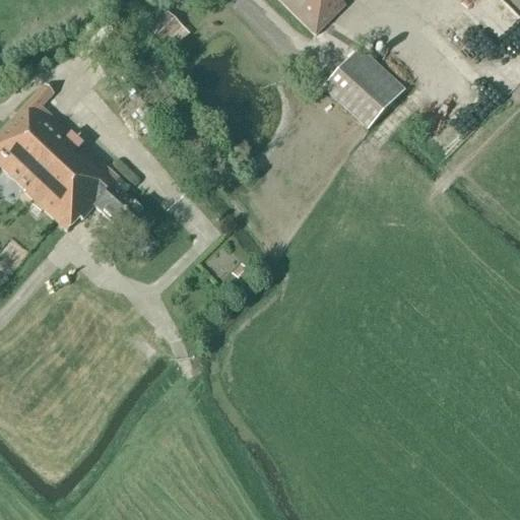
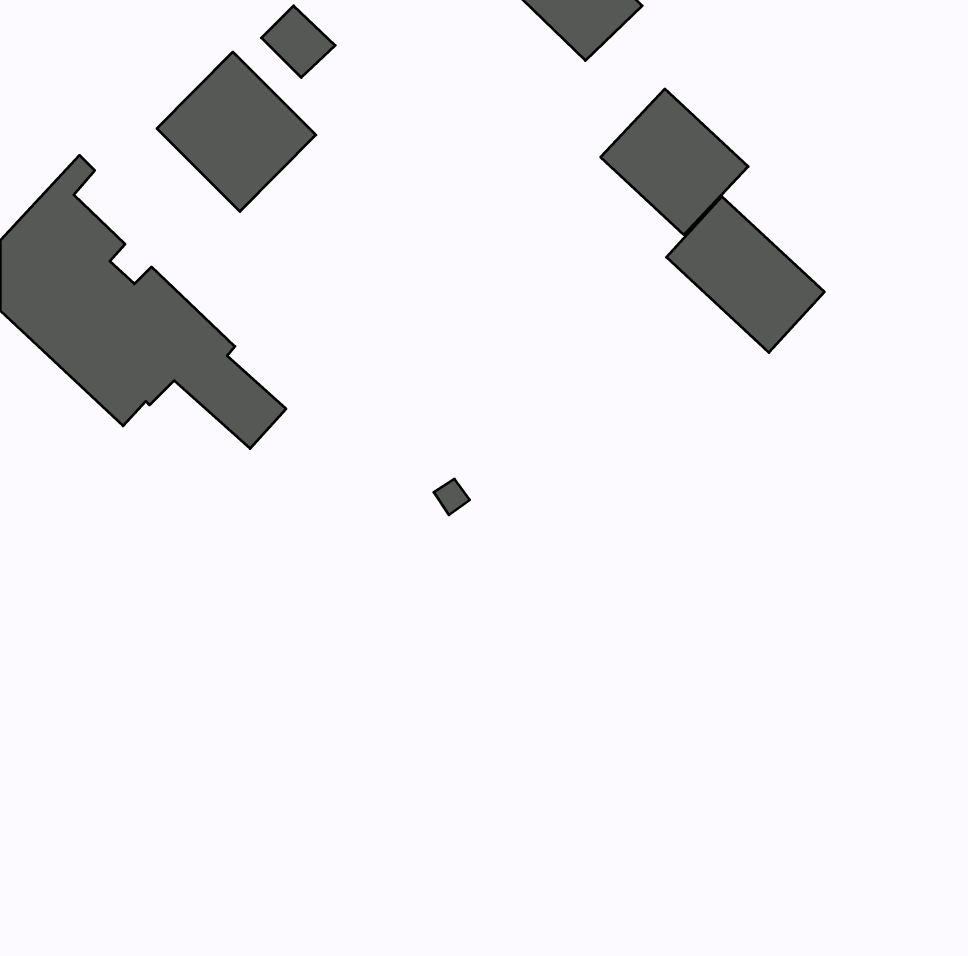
building: none -> [157,52,316,212]
building: none -> [666,196,824,353]

